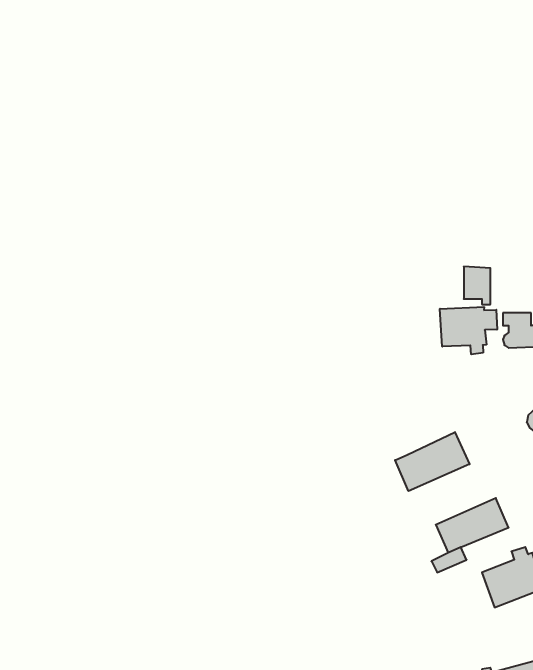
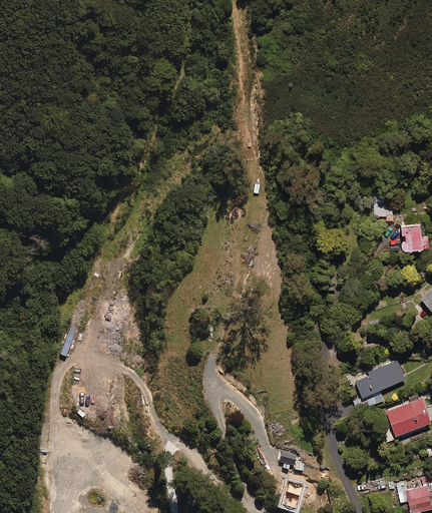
building: [440,307,497,354] -> none
building: [395,432,470,491] -> none

